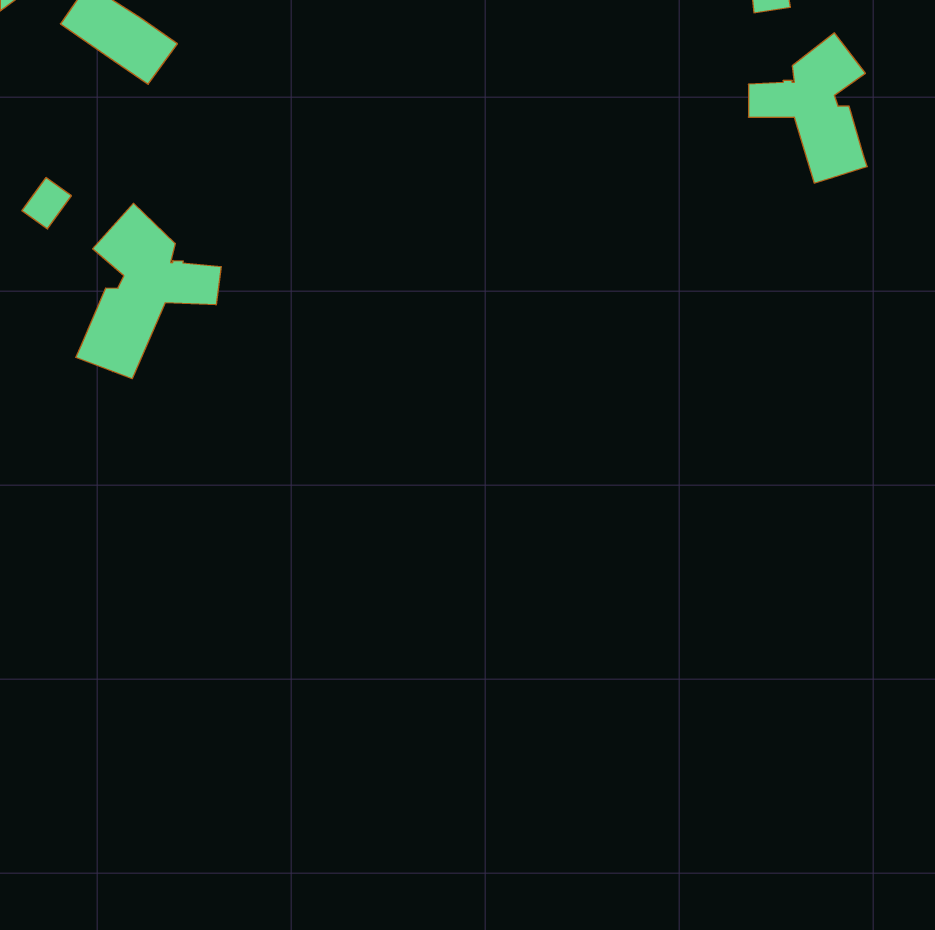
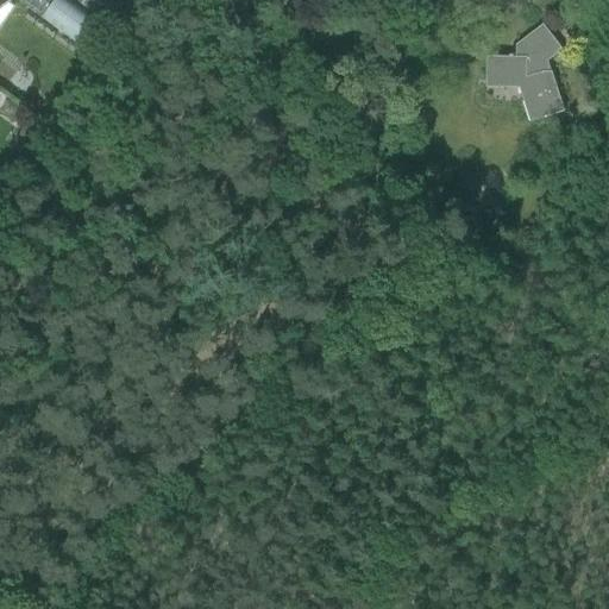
building: [76,203,221,379] -> none

